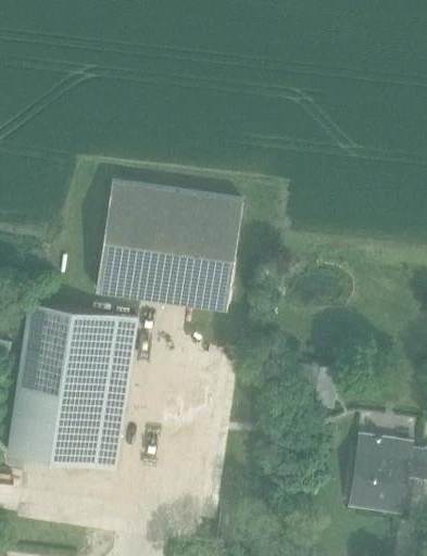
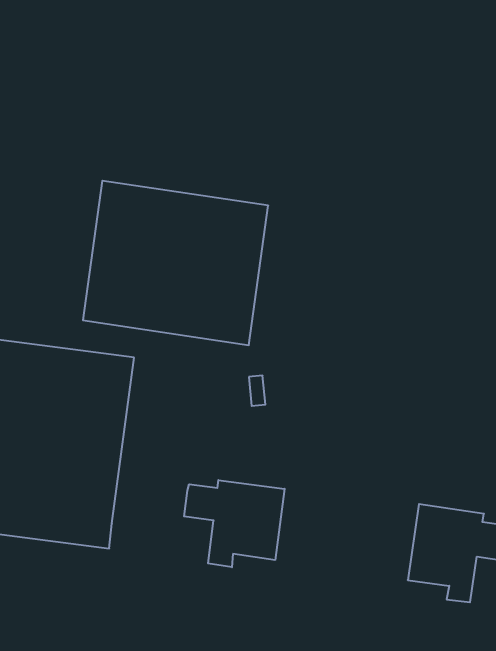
building: none -> [184,480,285,567]

